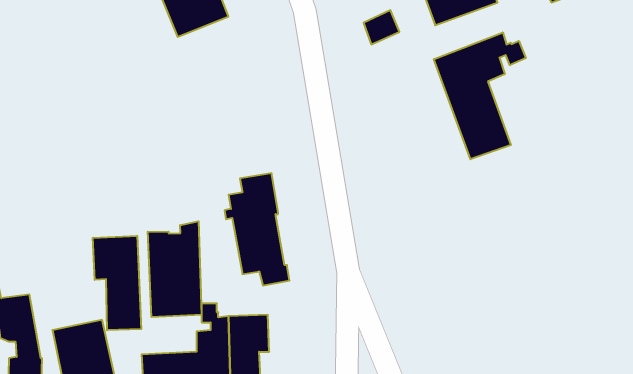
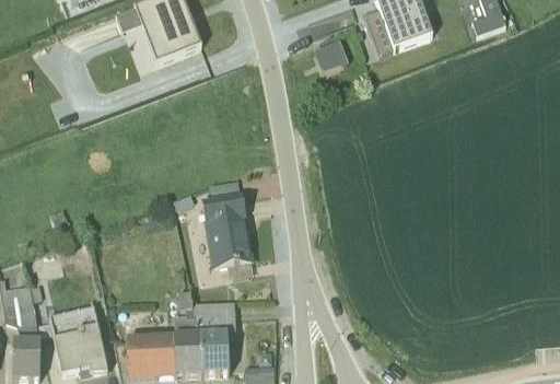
building: [434,32,526,159] -> none
building: [148,221,202,317] -> none
building: [93,236,141,330] -> none

